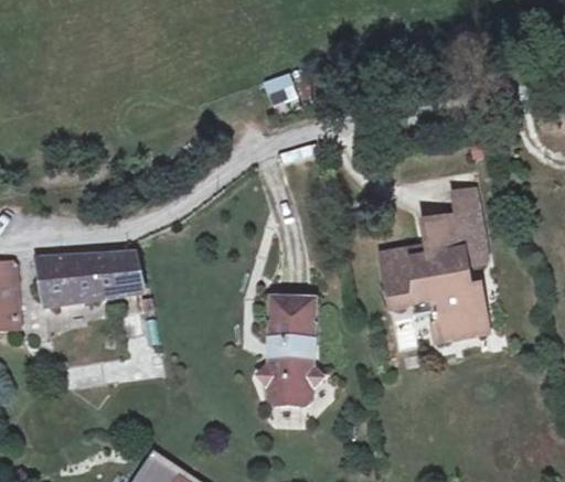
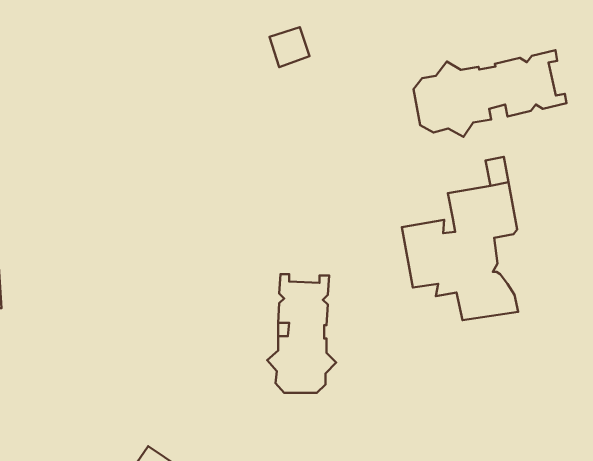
building: none -> [414,50,566,137]
building: [39,255,140,306] -> none

